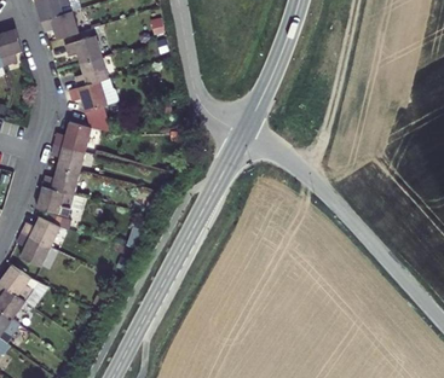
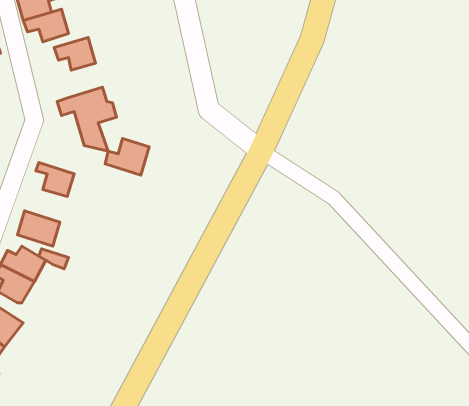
building: [76,59,108,88] -> none
building: [53,122,91,153] -> [105,138,149,175]
building: [41,167,77,194] -> none

